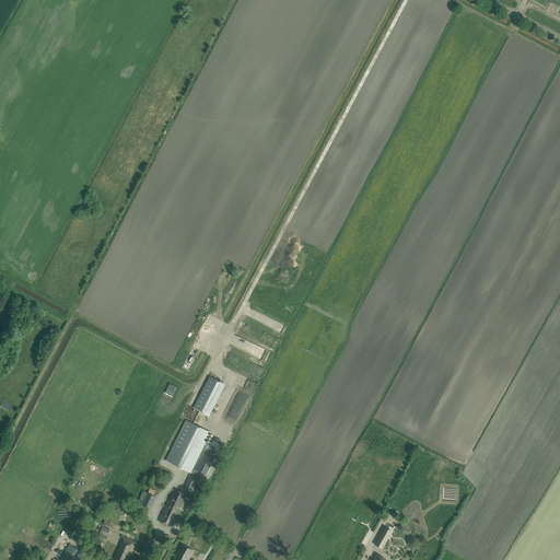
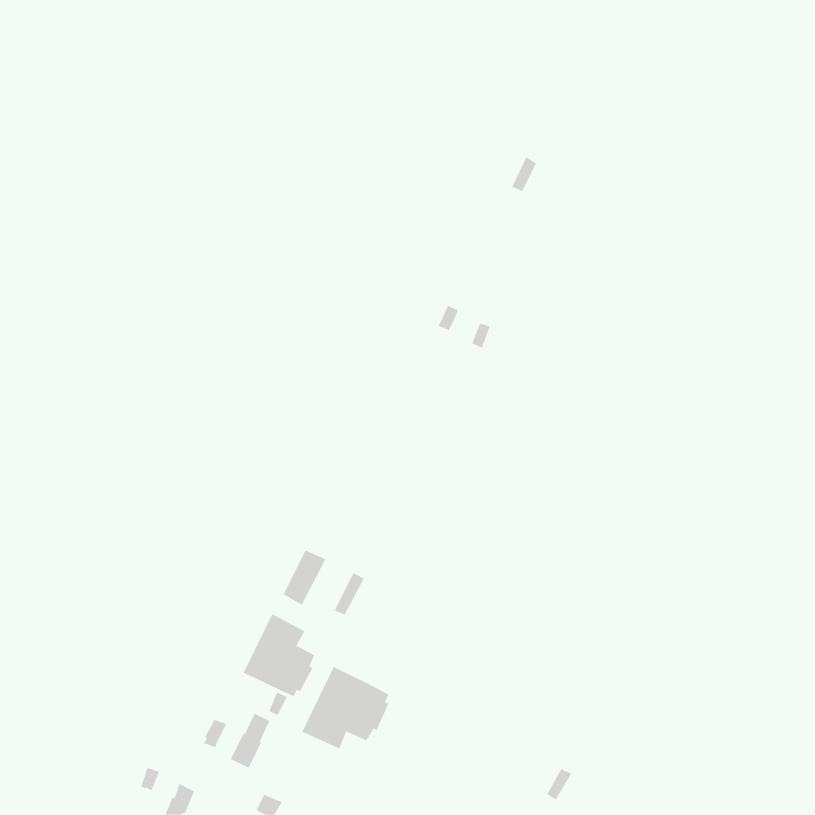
building: none -> [301,666,389,749]

